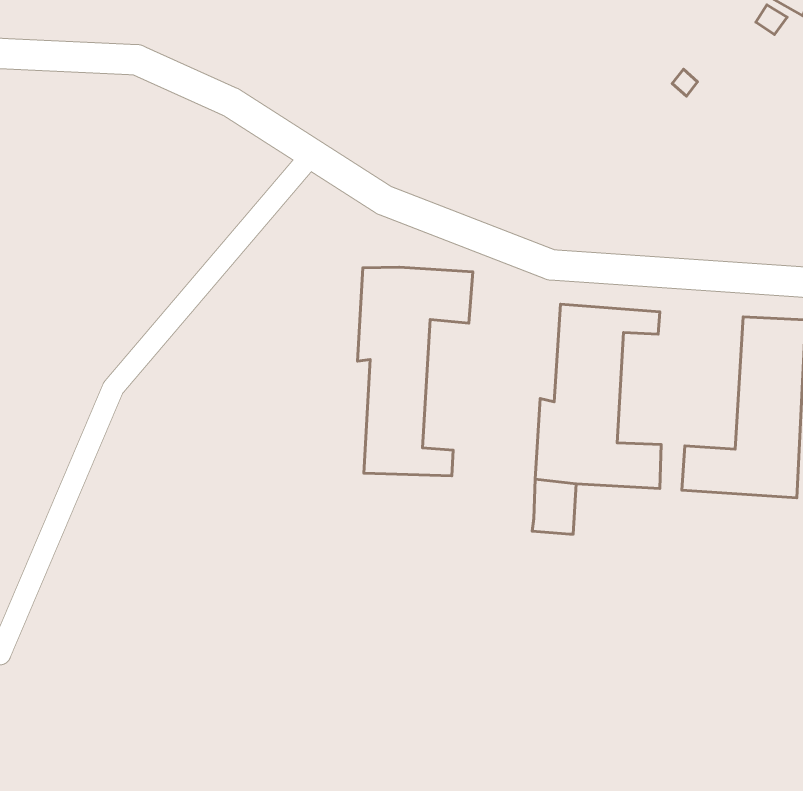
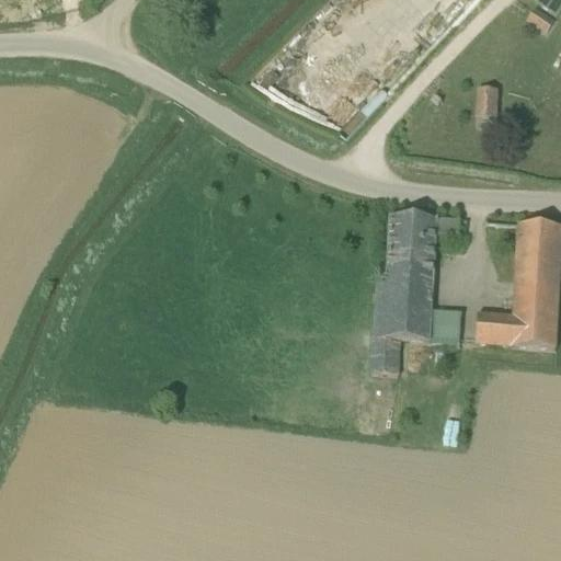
building: none -> [477,83,499,115]
building: [357,267,473,476] -> none

